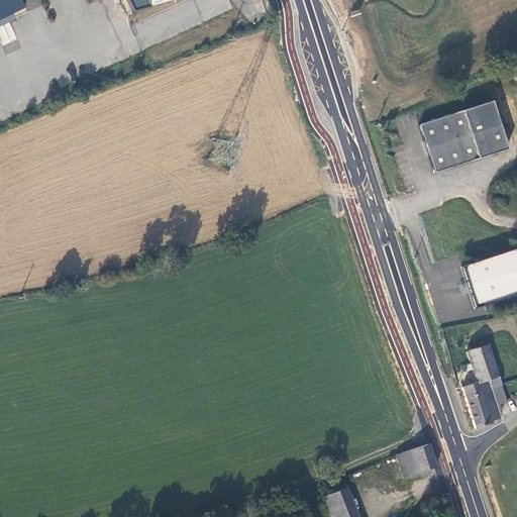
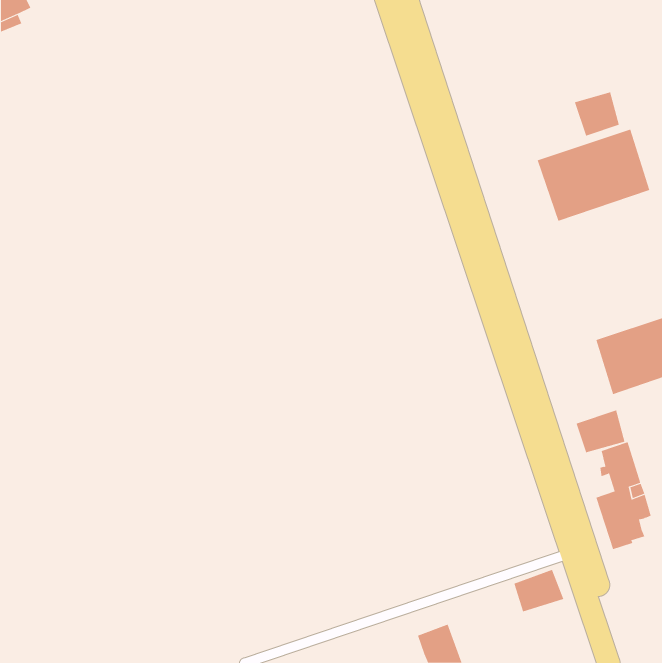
building: none -> [574,91,620,136]
building: none -> [576,410,625,453]

